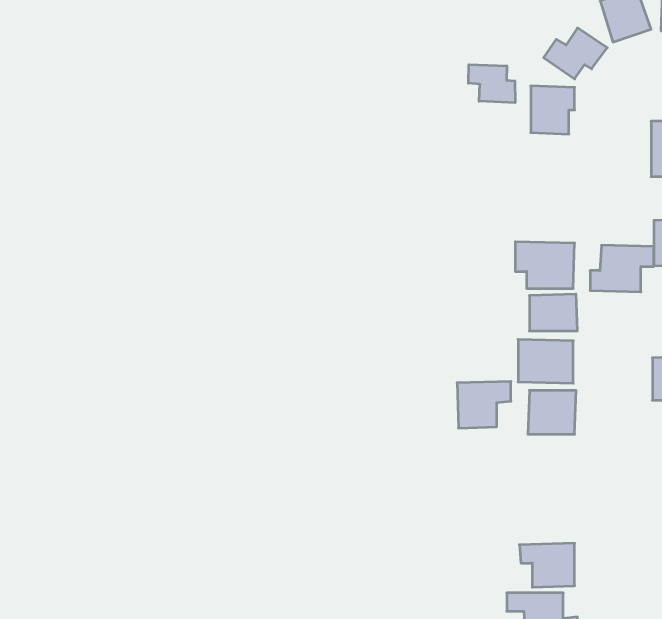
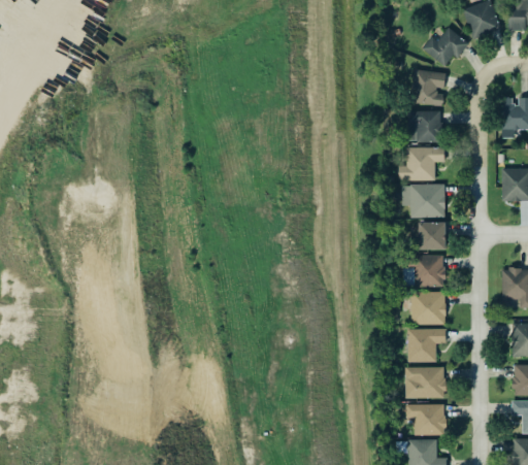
building: [468,65,515,103] -> none
building: none -> [408,110,441,141]
building: [590,245,654,292] -> [399,146,446,180]
building: [457,381,511,428] -> [407,328,447,362]
building: none -> [405,366,444,398]

